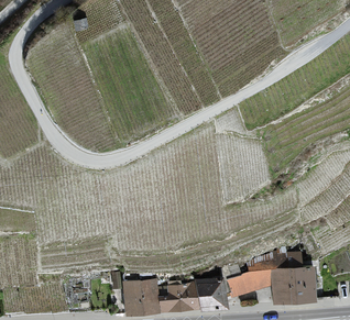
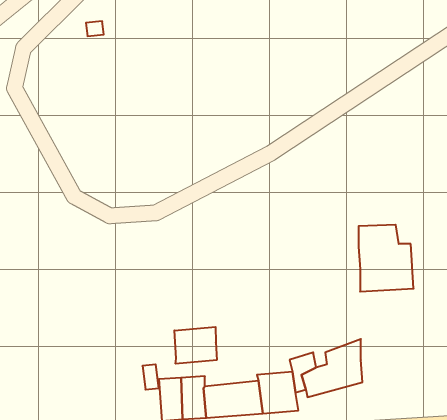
building: none -> [174,327,217,364]
building: [272,253,313,302] -> [359,225,414,292]

